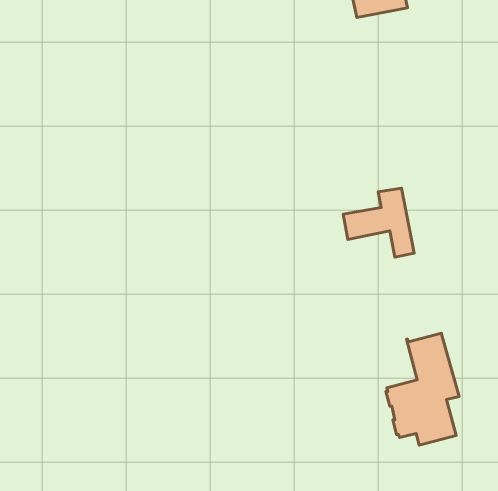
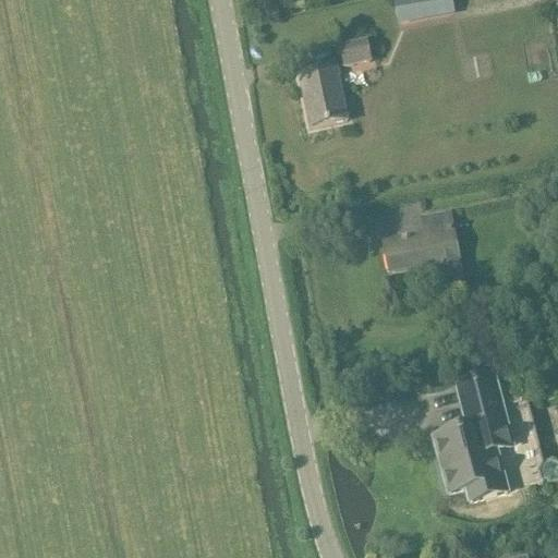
building: none -> [339,34,373,63]
building: none -> [298,62,348,124]

